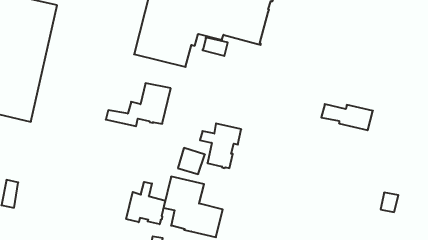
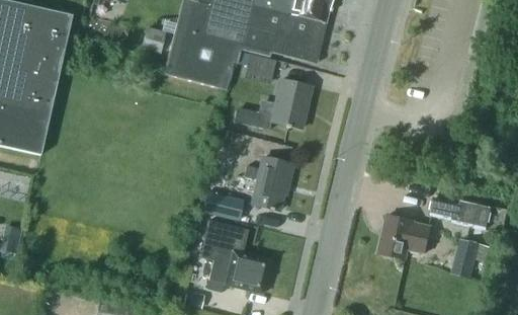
building: [106,83,171,126] -> [233,79,311,131]
building: [321,104,373,130] -> [431,198,493,229]
building: none -> [379,214,431,258]
building: [126,182,165,224] -> none

